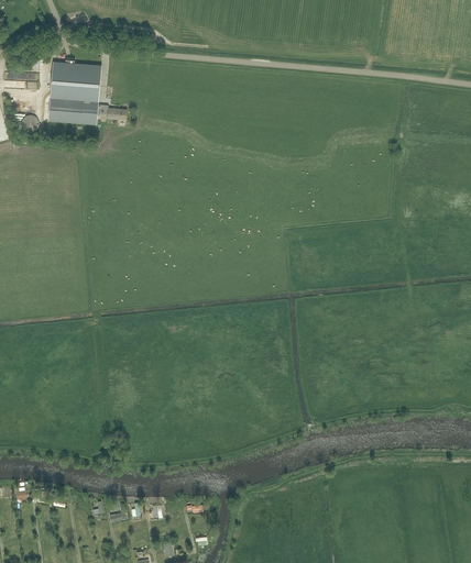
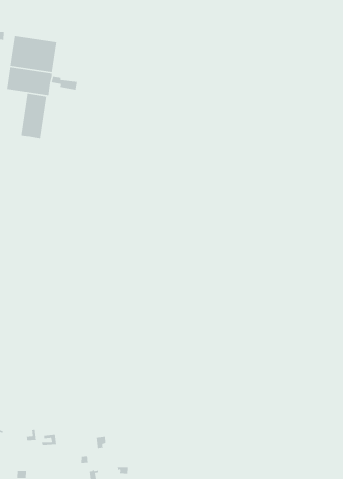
building: none -> [21,93,47,139]

